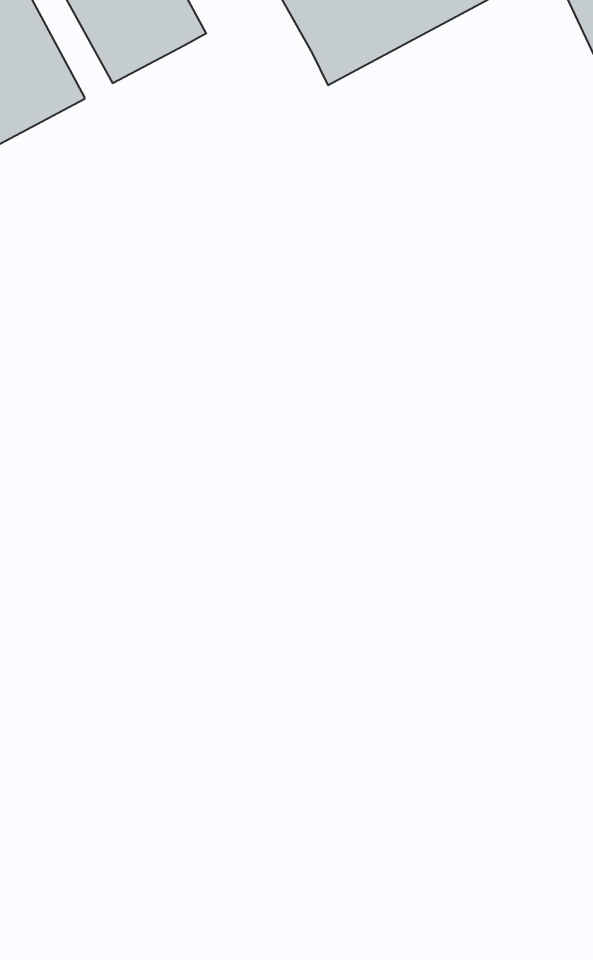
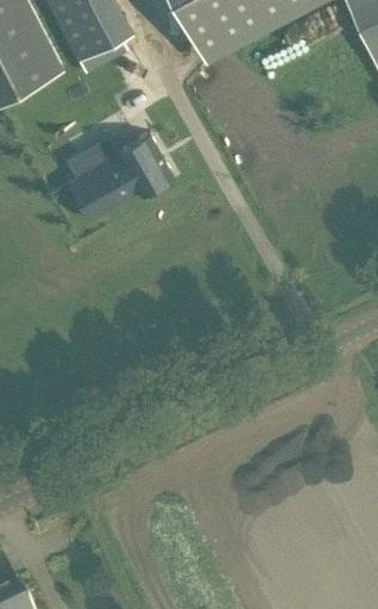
building: none -> [68,128,174,216]

